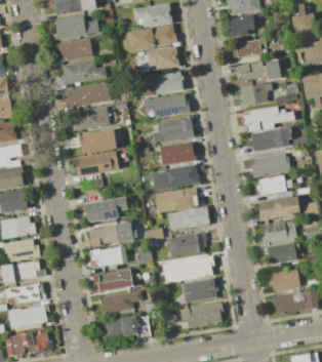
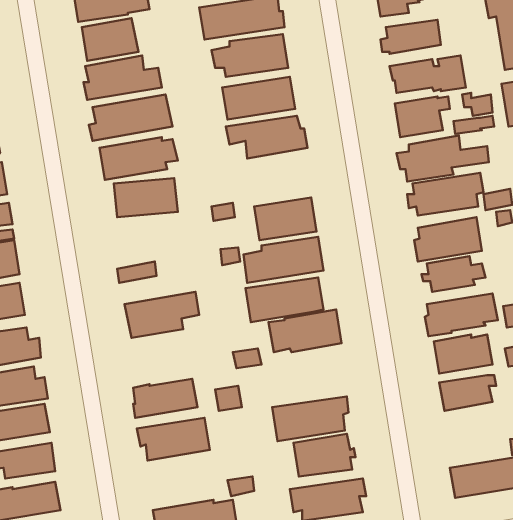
building: [153,117,194,143] -> none
building: [76,151,119,175] -> none
building: [87,220,136,247] -> none
building: [167,232,206,255] -> none
building: [267,268,299,291] -> none
building: [100,289,143,313] -> none

